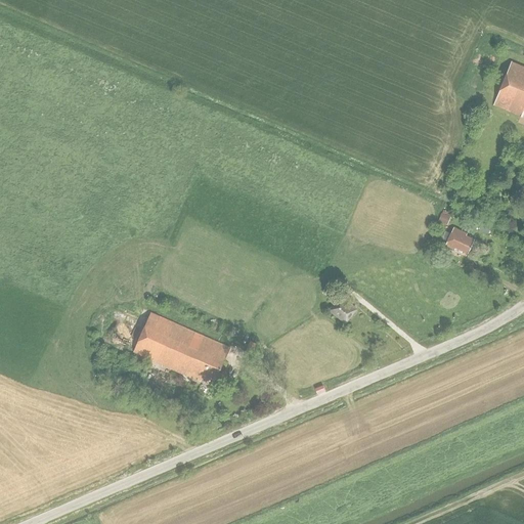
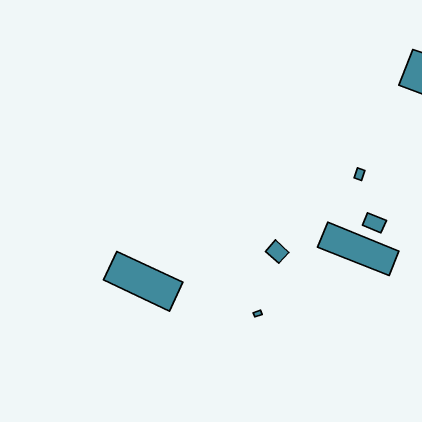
building: [447,230,477,255] -> [363,213,387,233]
building: none -> [317,222,399,276]

